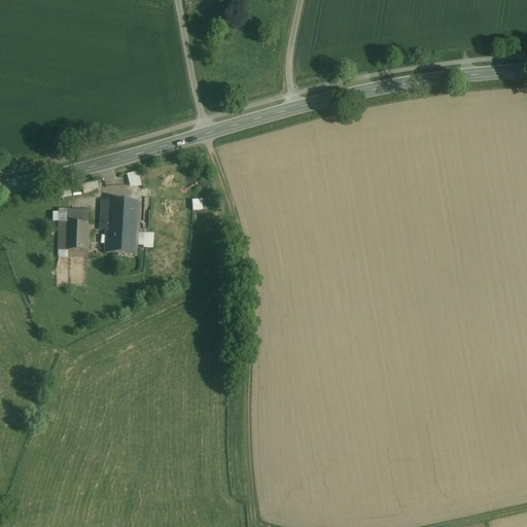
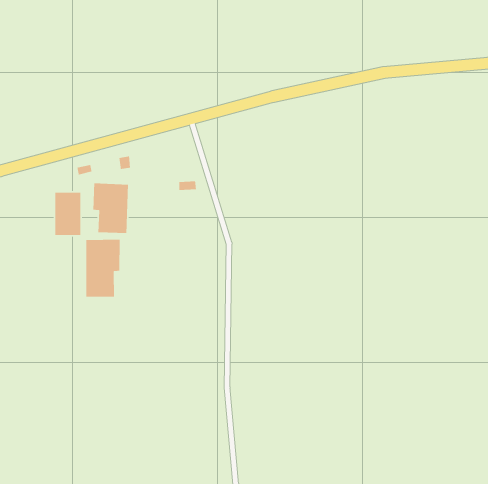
building: none -> [86,239,120,297]

